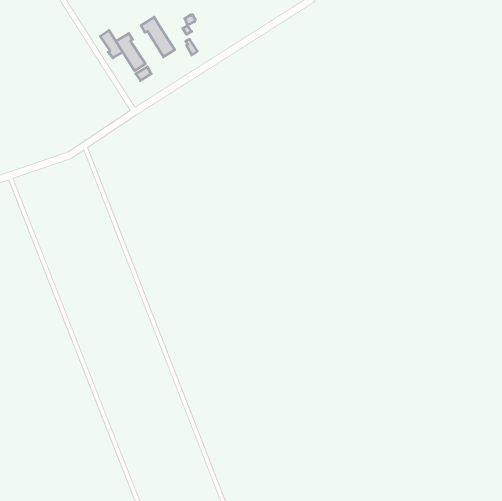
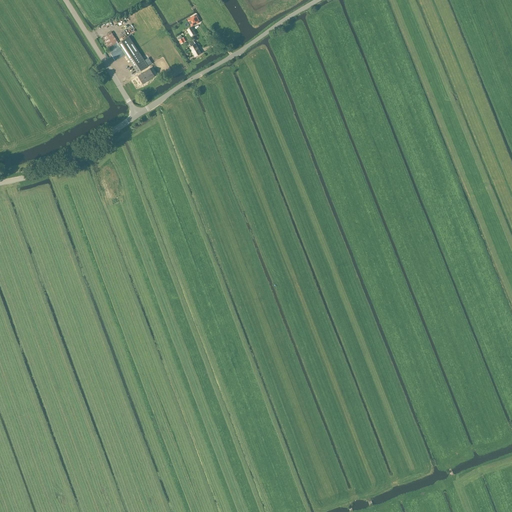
building: [141,17,175,57] -> none

